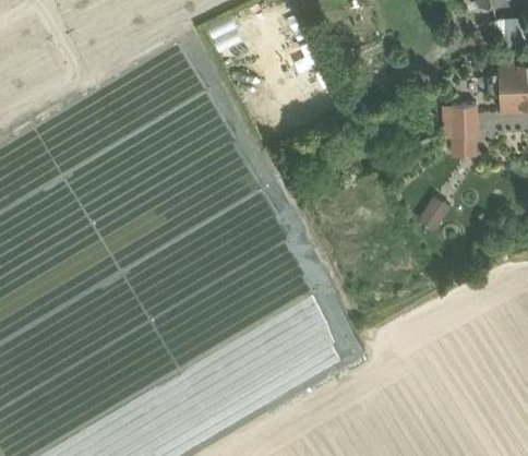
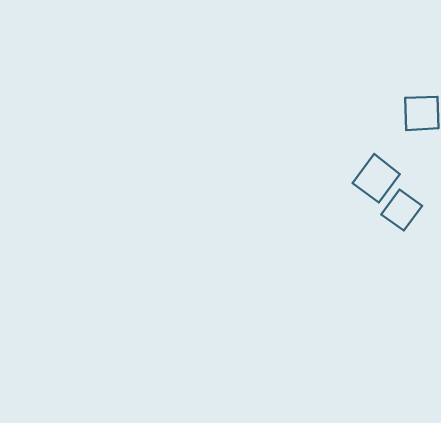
building: none -> [352,154,400,202]

